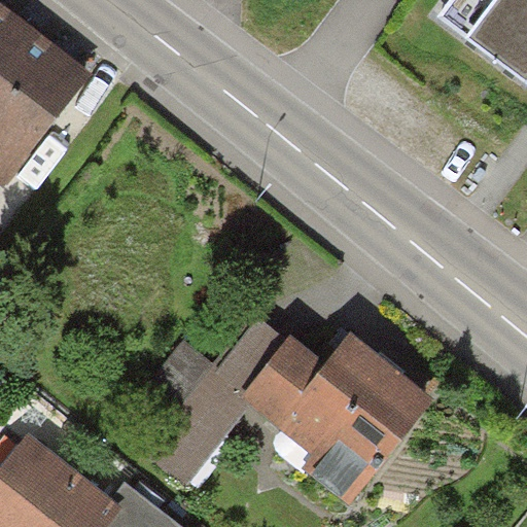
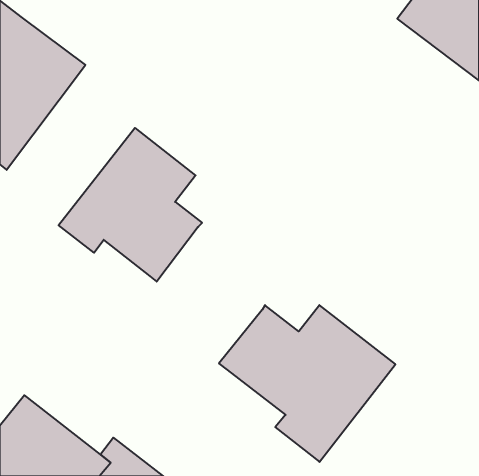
building: none -> [59,128,202,282]
building: [144,317,287,486] -> none

